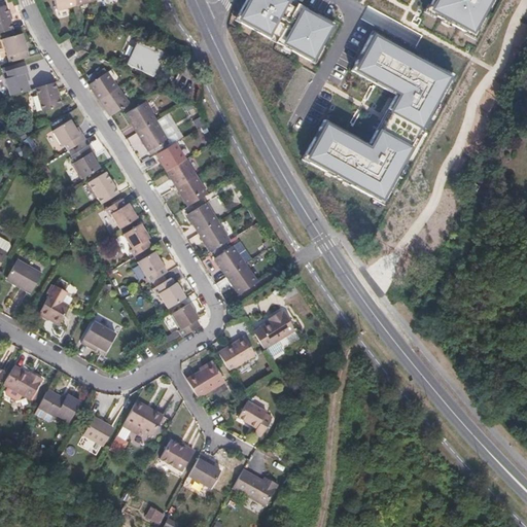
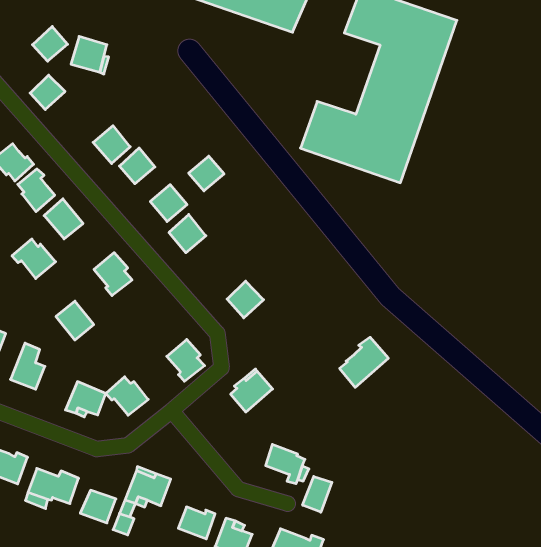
building: [102,83,131,111] -> [32,26,68,61]
building: [127,101,155,129] -> none
building: [166,156,195,184] -> [189,156,224,191]
building: [102,196,137,229] -> [12,239,56,279]
building: [199,219,229,249] -> none
building: [214,243,244,274] -> none
building: [137,251,167,283] -> [56,301,94,340]
building: [152,277,186,309] -> [106,377,148,415]
building: [251,309,292,348] -> [340,337,388,387]
building: [183,358,224,395] -> none
building: none -> [303,476,332,512]

